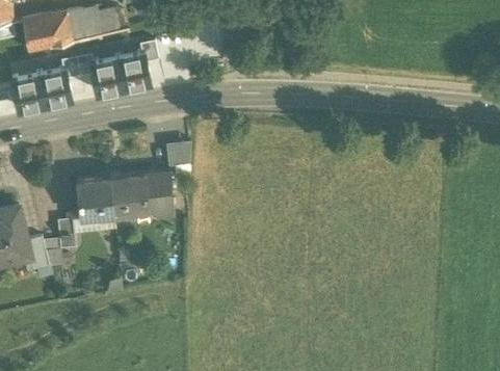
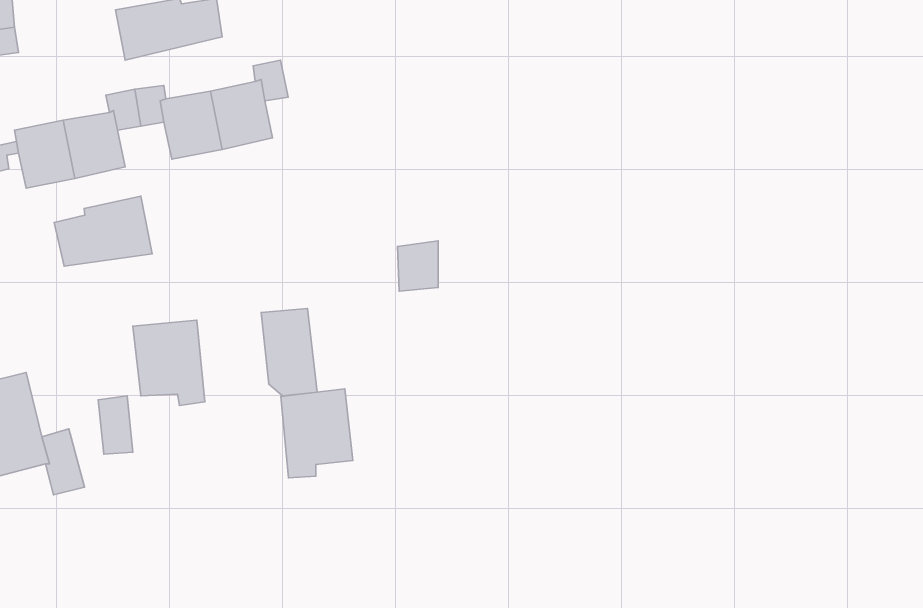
building: [23,12,71,48] -> none
building: none -> [54,196,152,266]
building: [166,140,188,167] -> [397,241,438,291]
building: [109,175,148,222] -> [281,389,353,478]

